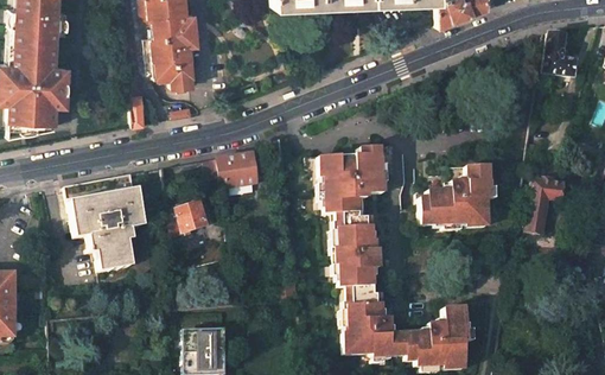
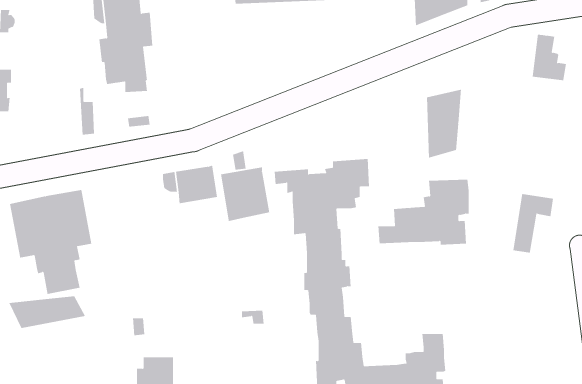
building: none -> [427,89,461,158]
building: none -> [220,167,270,222]
building: [170,203,208,239] -> none
building: none -> [8,295,86,329]

